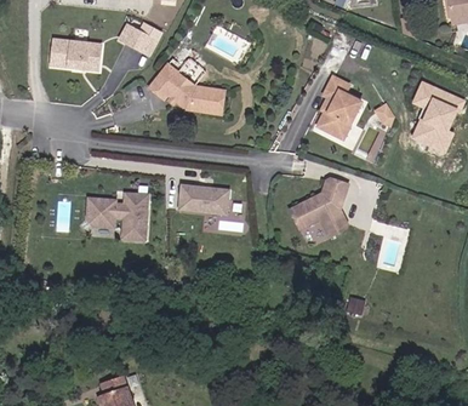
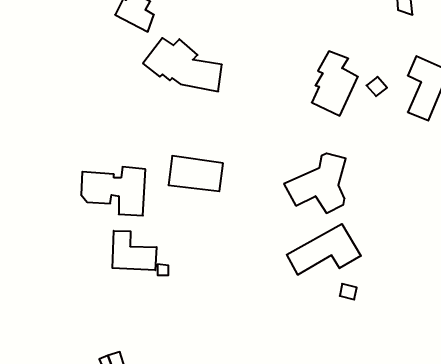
building: [51,41,103,72] -> none
building: none -> [287,224,361,275]
building: none -> [112,231,157,270]

